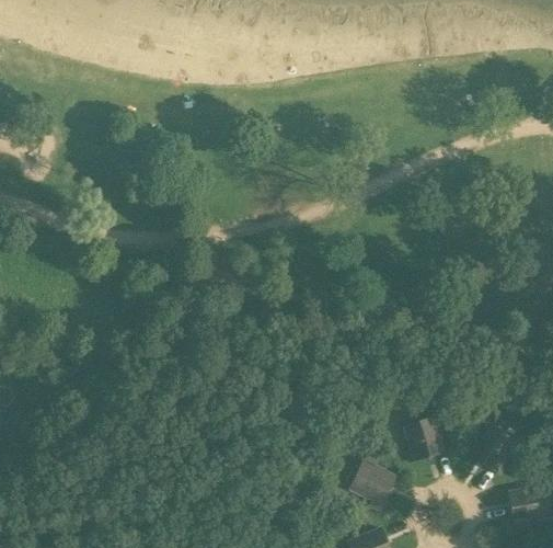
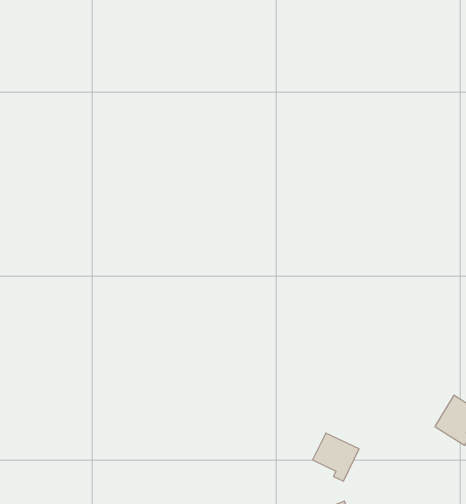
building: [406,419,445,463] -> none

